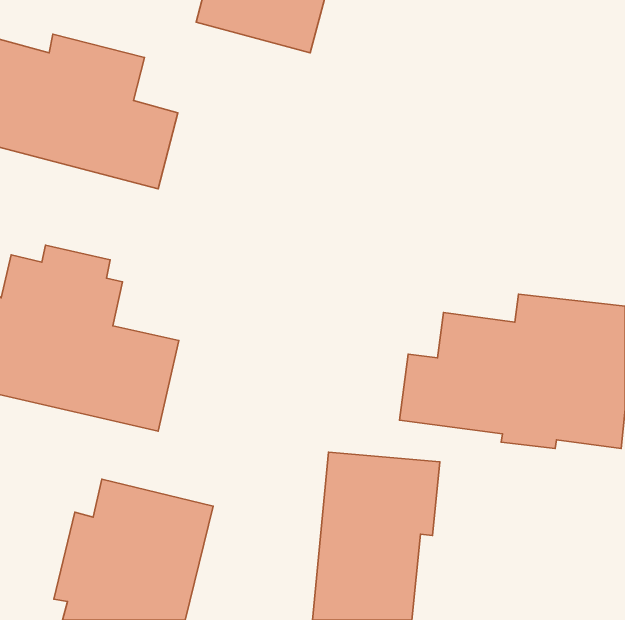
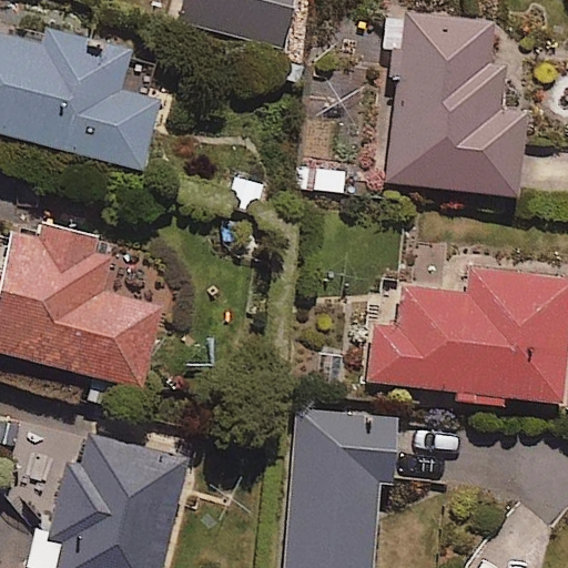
building: none -> [379,9,526,195]

